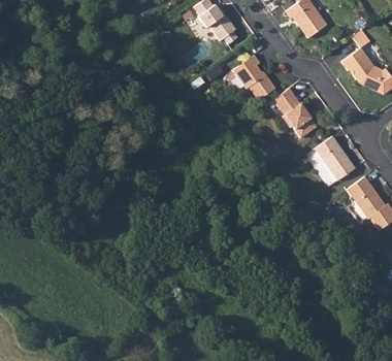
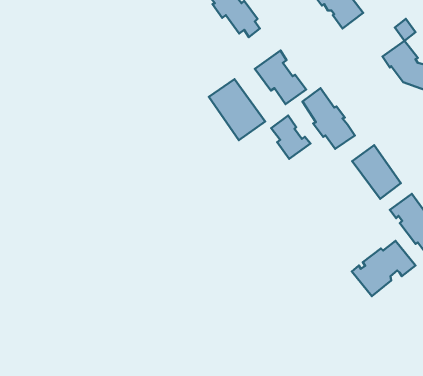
building: none -> [209,79,265,140]
building: none -> [271,116,310,159]
building: none -> [352,241,416,296]

